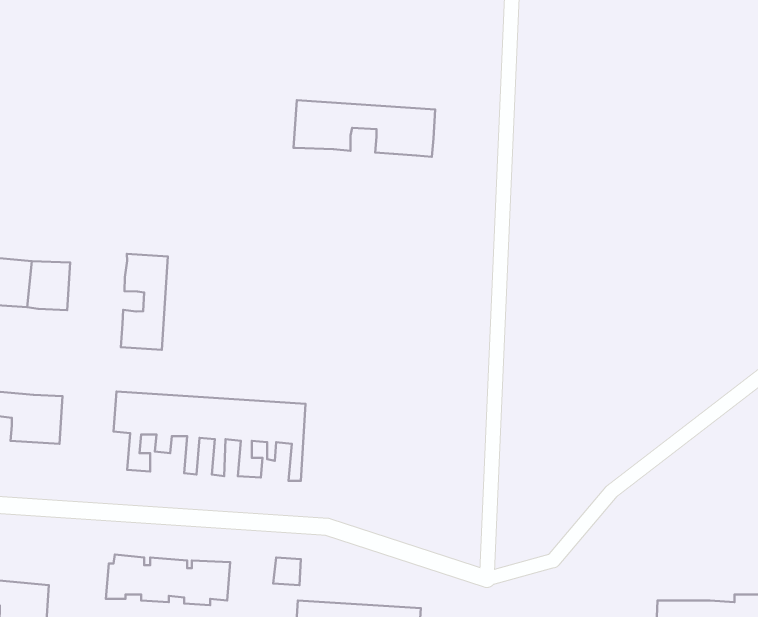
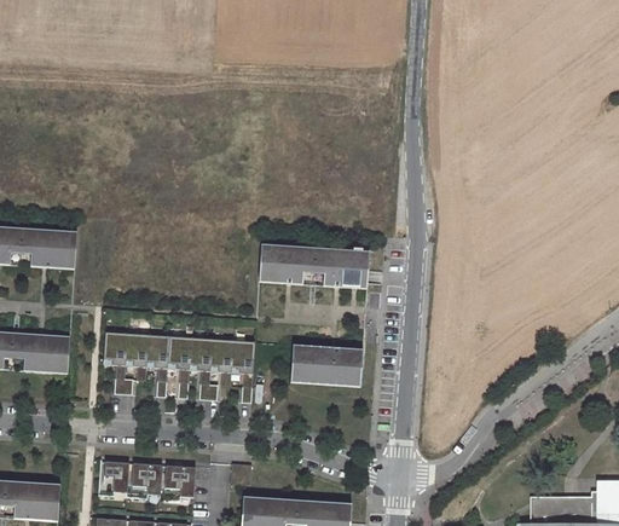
building: [294,100,435,157] -> [258,243,369,288]
building: [121,254,168,350] -> none
building: none -> [296,343,357,386]

